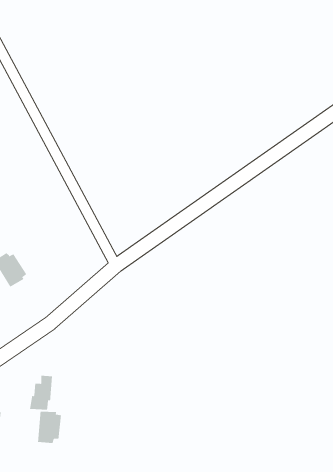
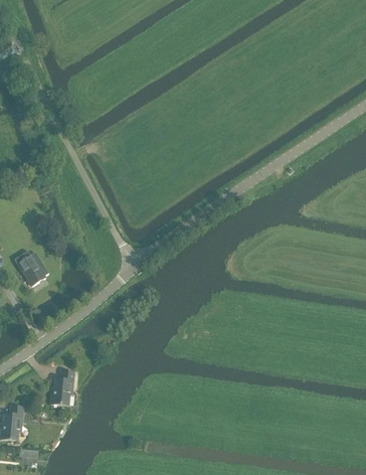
building: [38,411,61,444] -> none

